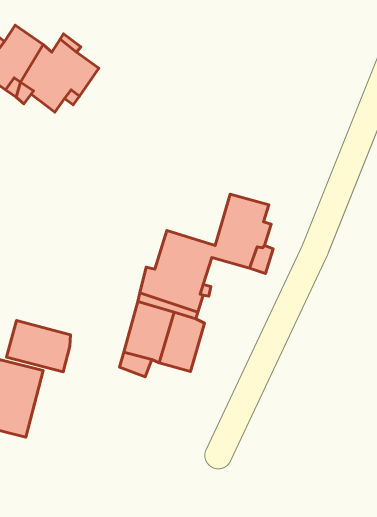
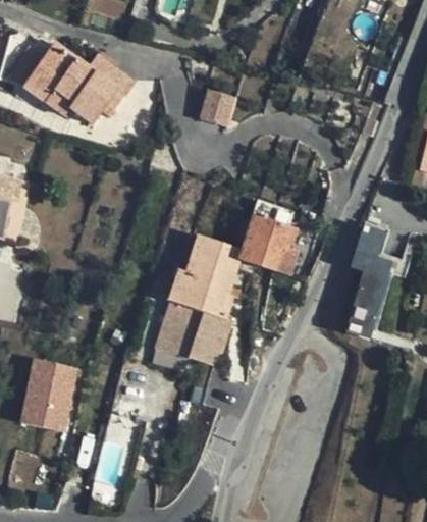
building: none -> [198,87,234,125]
building: none -> [346,224,390,336]
building: [6,321,71,372] -> none

